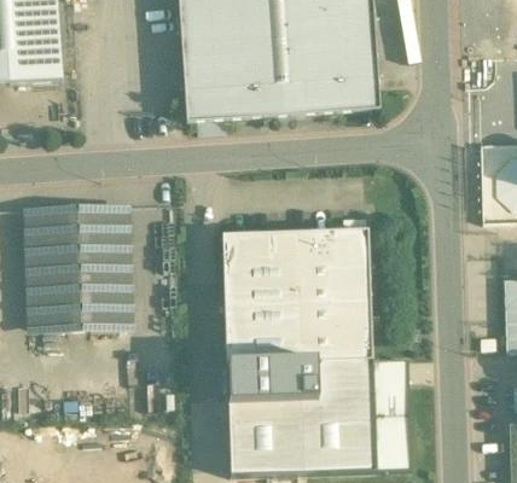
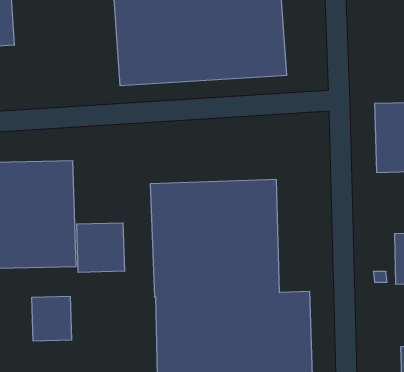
building: none -> [77,223,124,272]
building: none -> [32,296,71,341]

